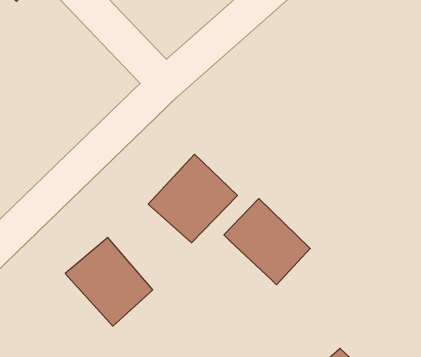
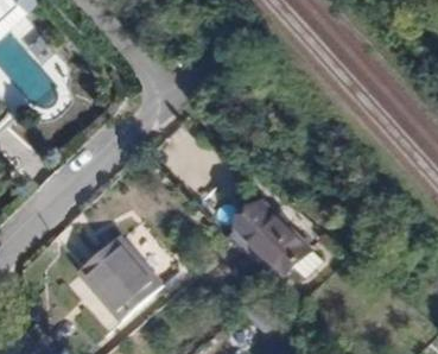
building: [148,154,237,243] -> none

